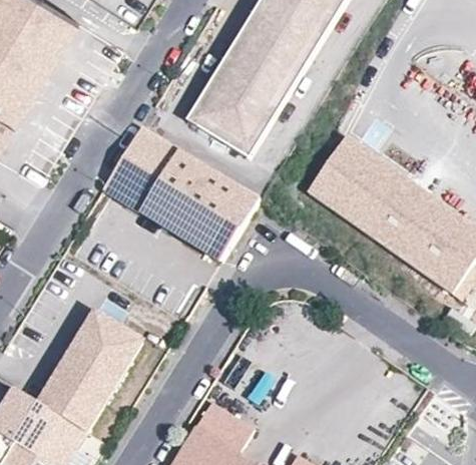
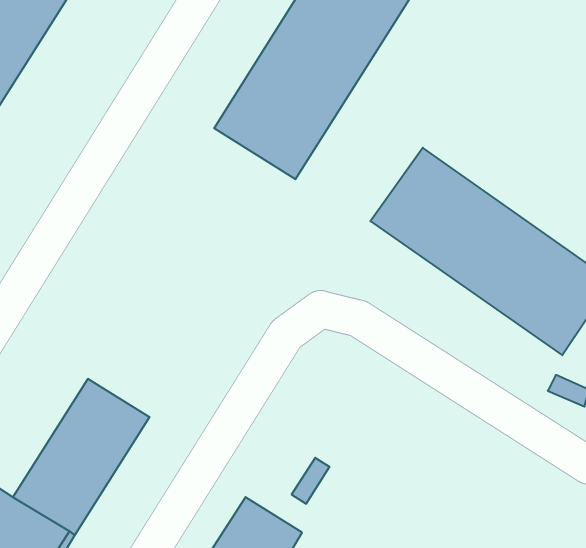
building: [104,128,261,263] -> none

